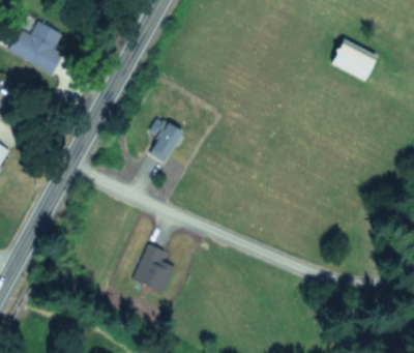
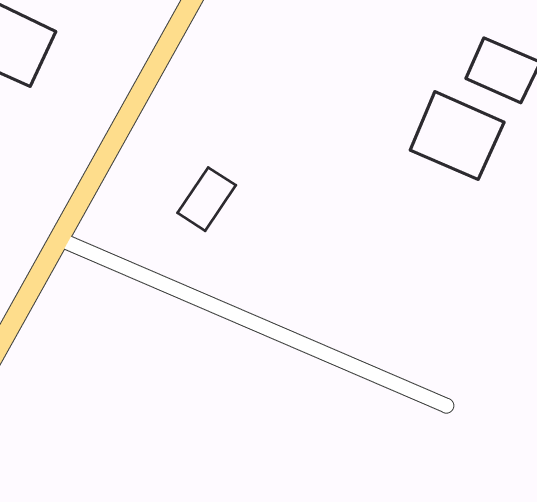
building: none -> [410,92,504,180]
building: [134,244,175,292] -> none

